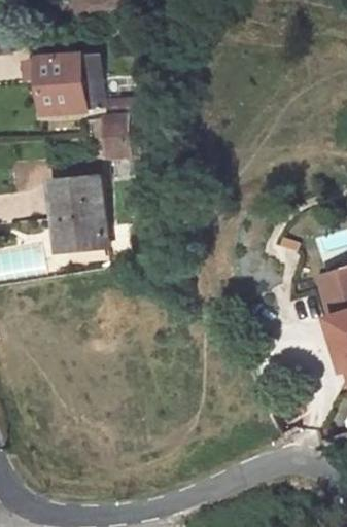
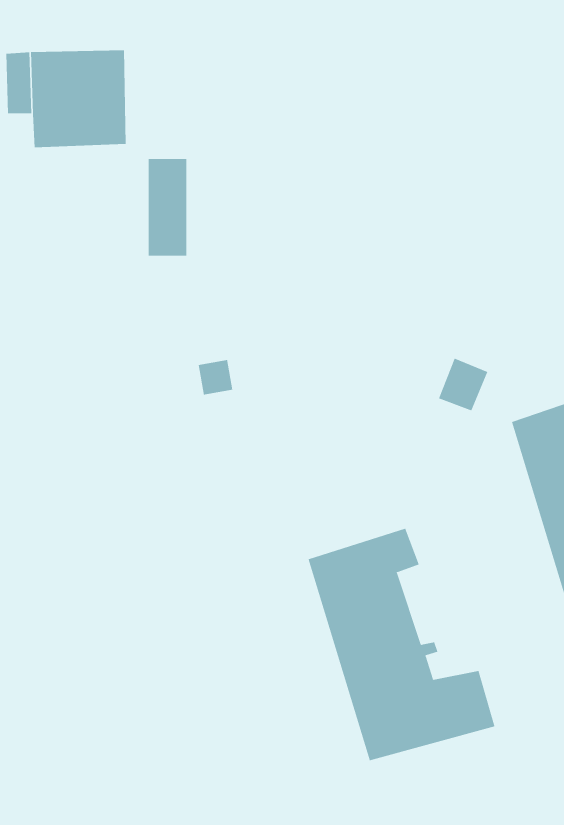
building: [51,176,110,253] -> none
building: none -> [308,528,495,761]

